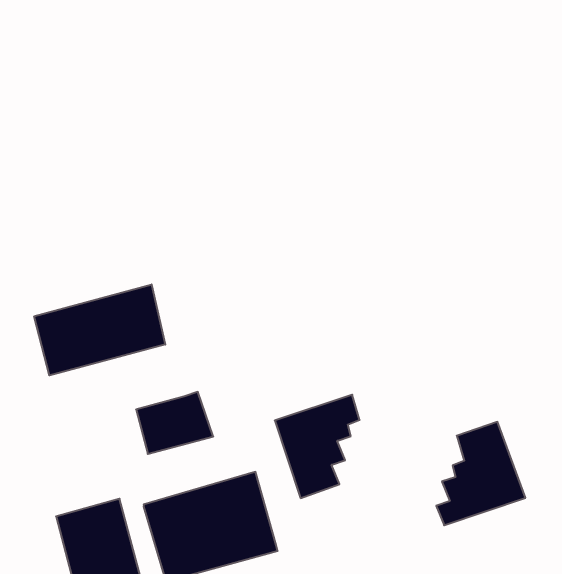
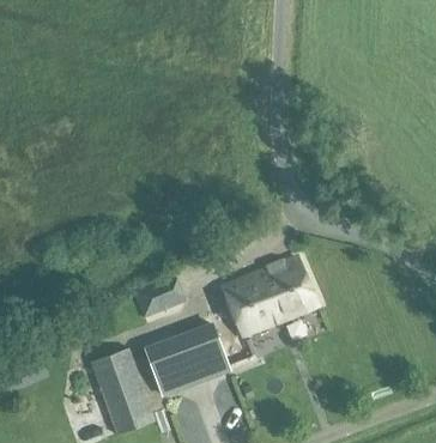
building: [34,284,165,375] -> none
building: [436,422,525,525] -> [261,257,317,326]

